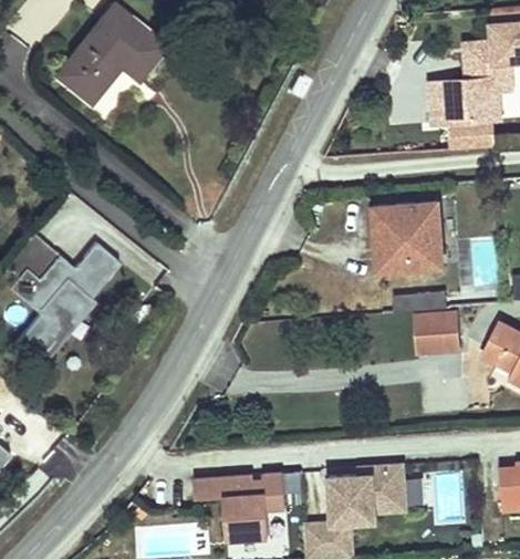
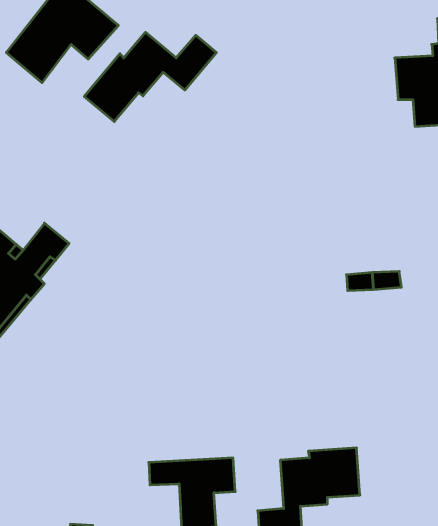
building: none -> [84,32,216,122]
building: [374,200,444,270] -> none
building: [409,313,456,354] -> none

